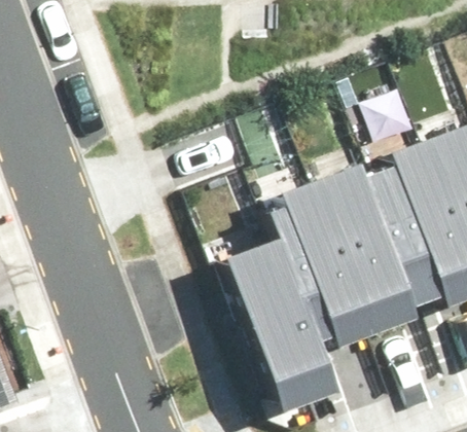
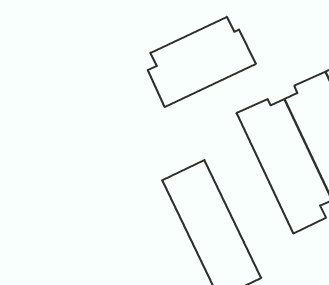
building: none -> [148,17,256,107]
building: [266,181,378,351] -> none

